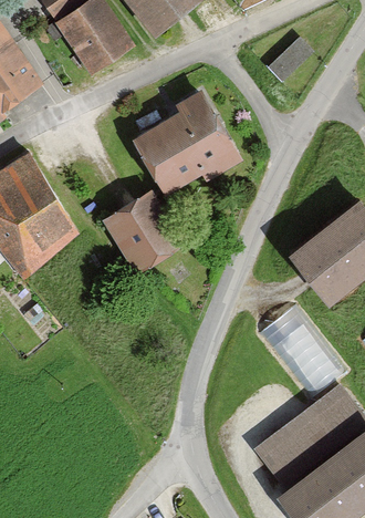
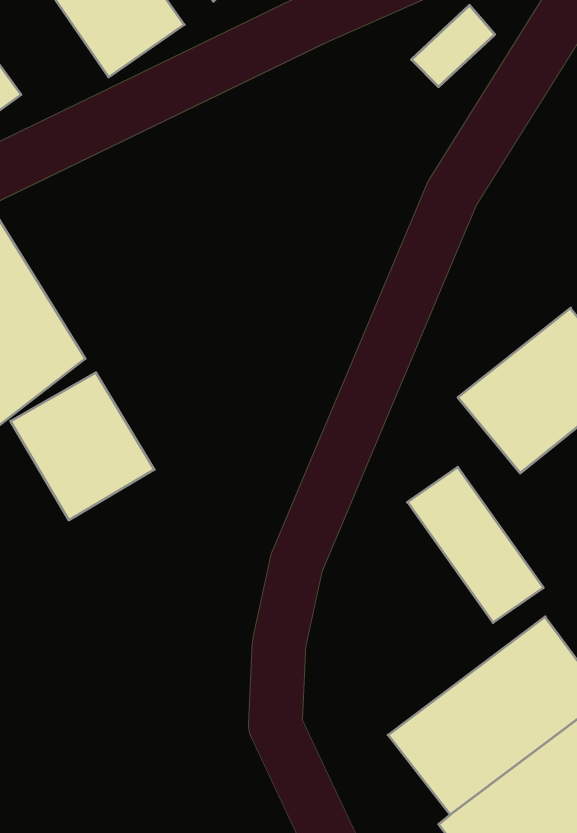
building: [133,91,243,197] -> none
building: [102,193,184,277] -> [11,373,154,520]

